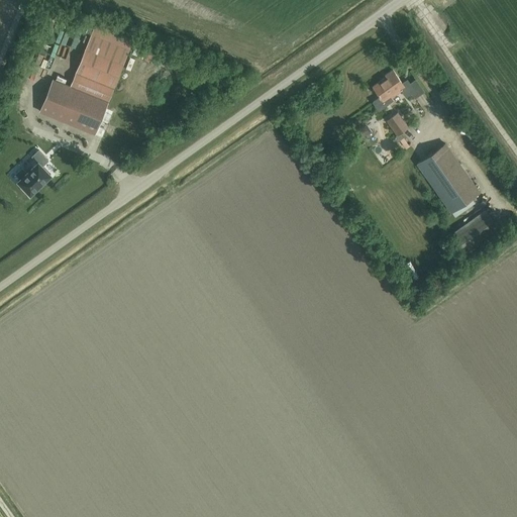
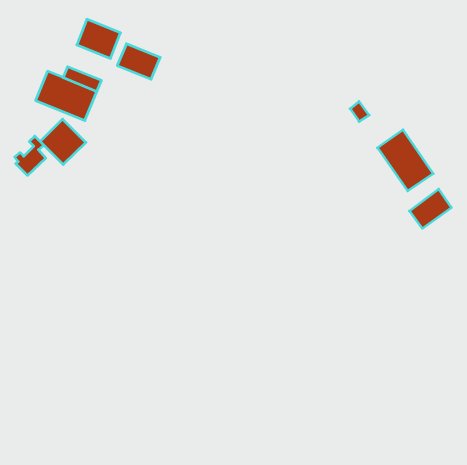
building: [75,51,122,91] -> [117,44,160,79]
building: [373,72,418,112] -> none
building: none -> [40,119,86,165]

